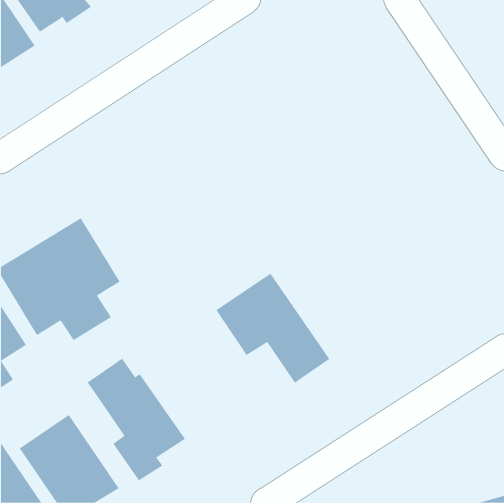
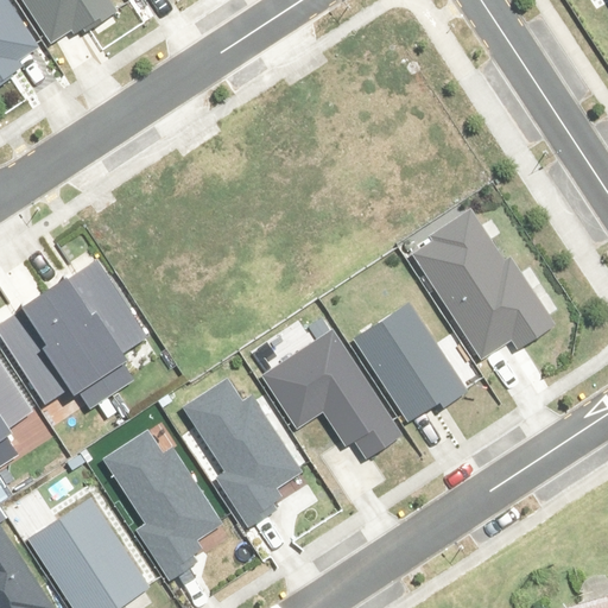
building: none -> [418,209,552,353]
building: none -> [353,302,466,424]
building: none -> [182,378,306,536]

